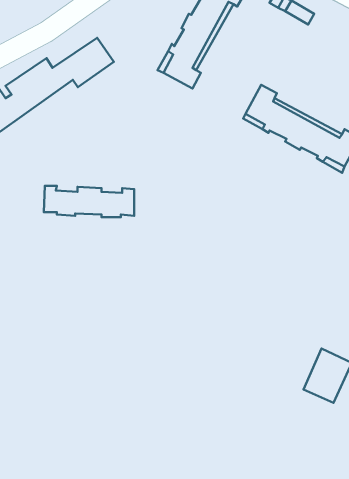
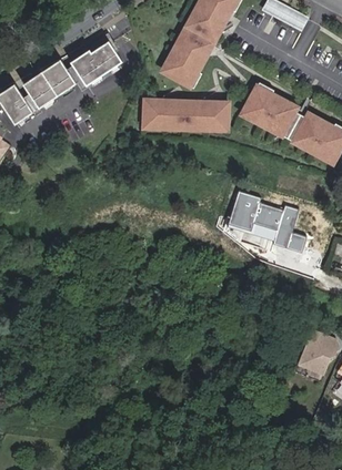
building: [44,186,134,217] -> [144,99,228,127]
building: none -> [224,190,306,252]

